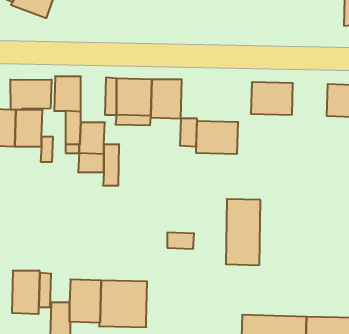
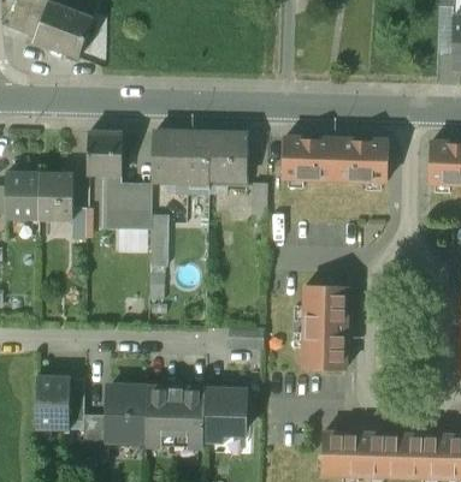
building: [10,79,51,110] -> none
building: [196,121,238,154] -> [282,137,335,178]
building: none -> [202,388,243,440]

